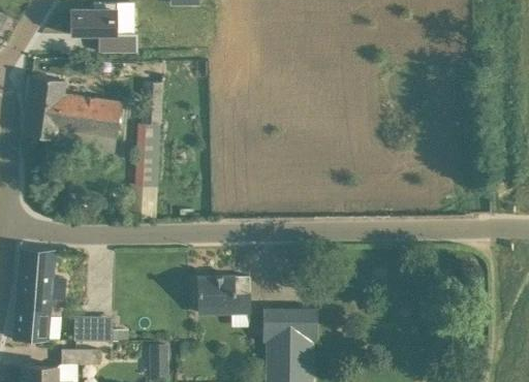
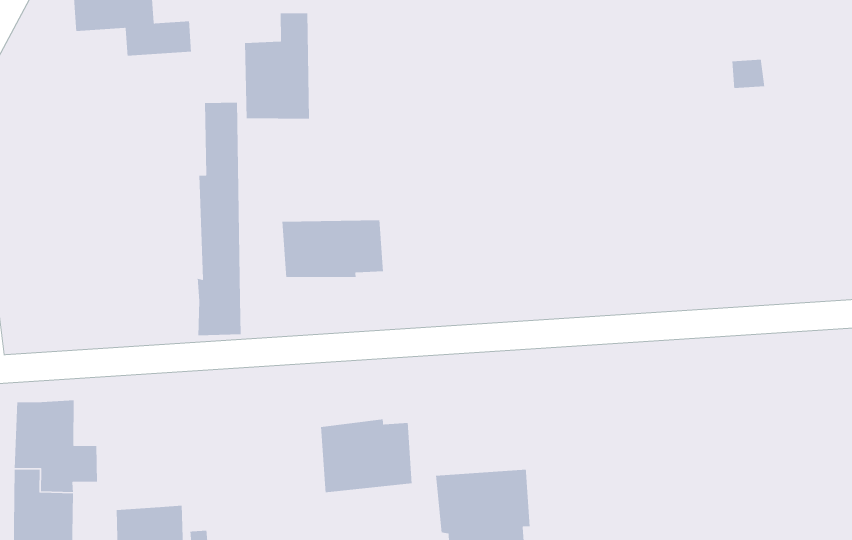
building: none -> [244,12,310,120]
building: [24,76,122,157] -> none
building: none -> [282,220,384,278]

